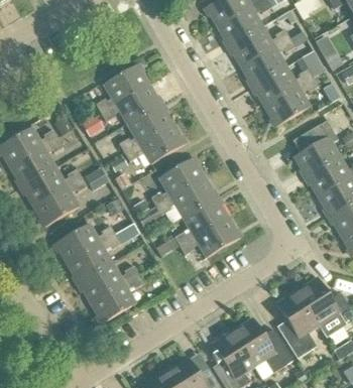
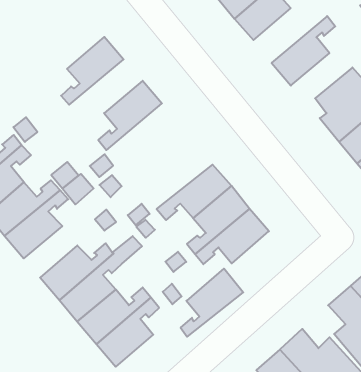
building: [252,66,313,106] -> none
building: [100,84,160,123] -> none
building: [123,123,184,163] -> none
building: [150,156,204,205] -> [181,269,243,337]

